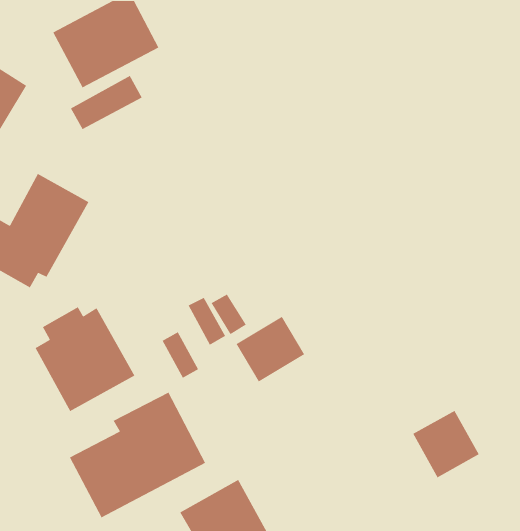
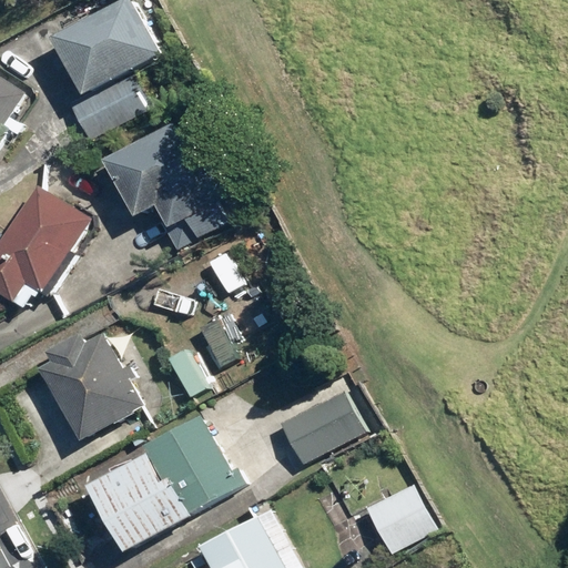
building: none -> [105,120,236,243]
building: [235,316,305,382] -> [272,393,346,464]
building: [412,410,480,478] -> [358,489,430,562]

